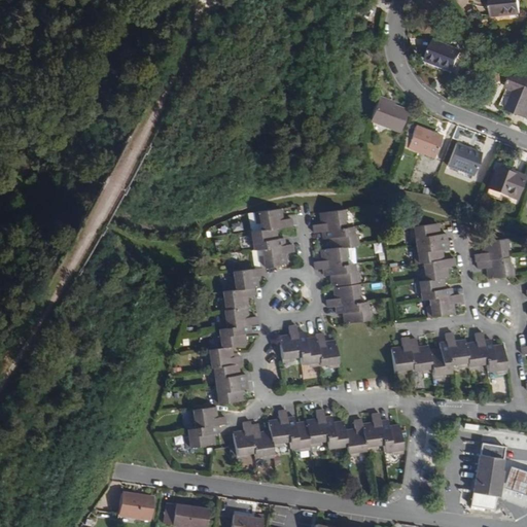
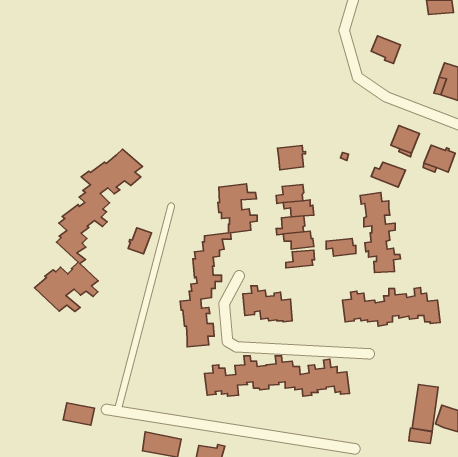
building: [372,101,409,133] -> none
building: [402,128,442,156] -> [371,162,405,187]
building: none -> [278,146,306,170]
building: none -> [34,149,142,311]
building: [473,240,512,278] -> none
building: none -> [128,228,152,254]
building: [337,305,371,325] -> [326,238,356,256]
building: [184,402,223,442] -> none
building: [119,487,155,513] -> [63,403,95,425]

